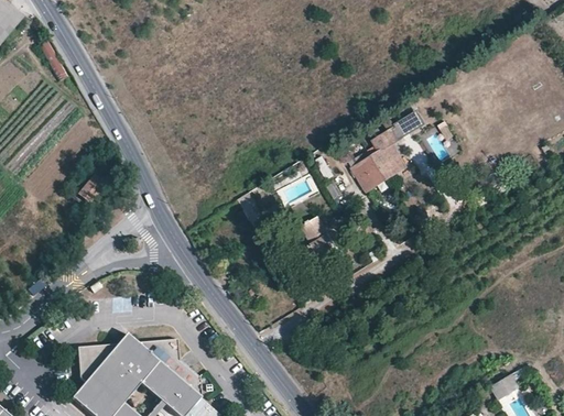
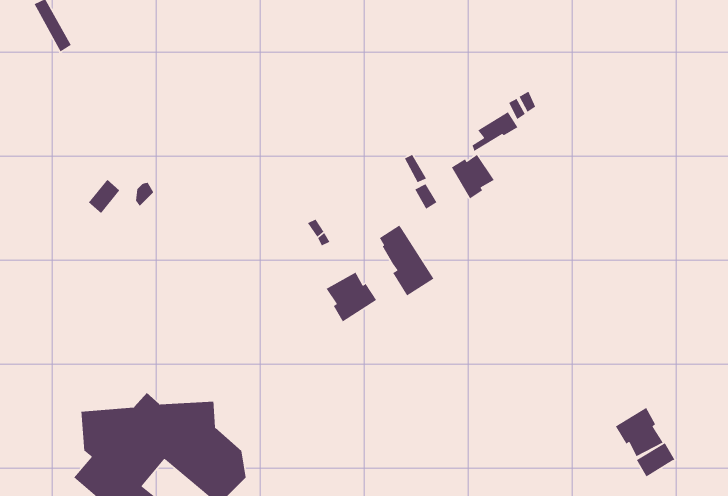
building: [372,142,408,176] -> none
building: none -> [326,271,377,323]
building: none -> [615,407,664,457]

